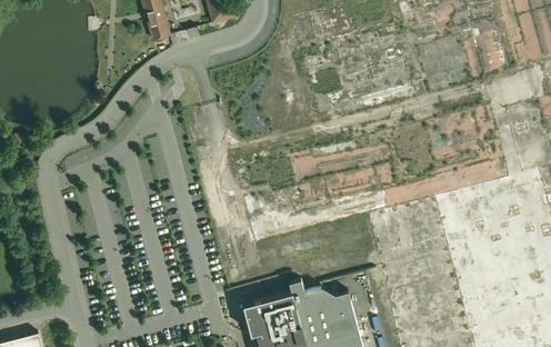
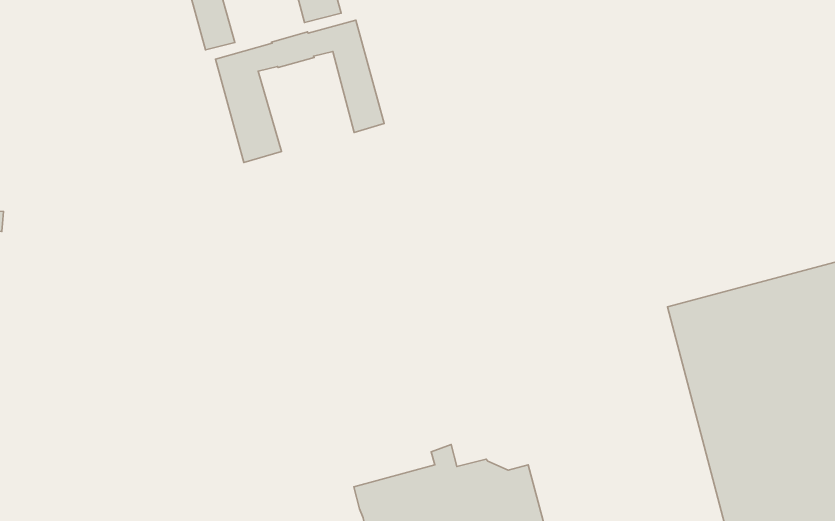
building: none -> [215,20,384,163]

